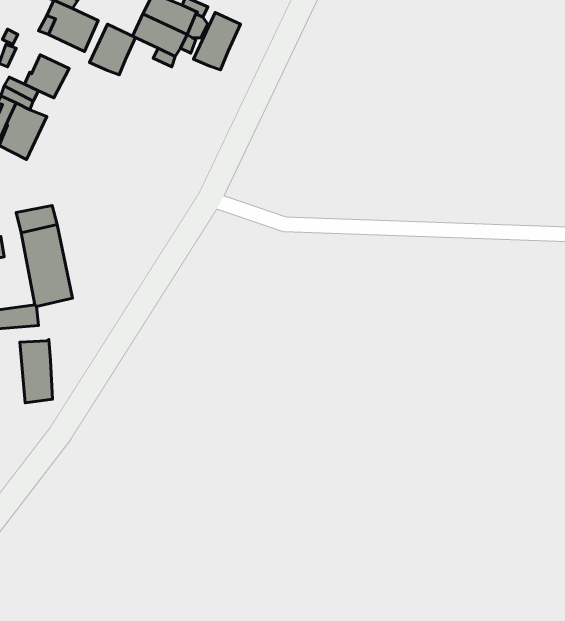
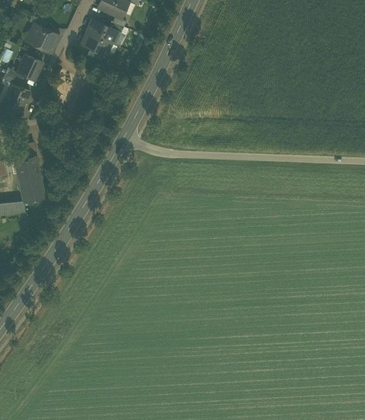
building: [194,12,241,70] -> none
building: [90,24,136,75] -> none
building: [20,340,53,403] -> none

